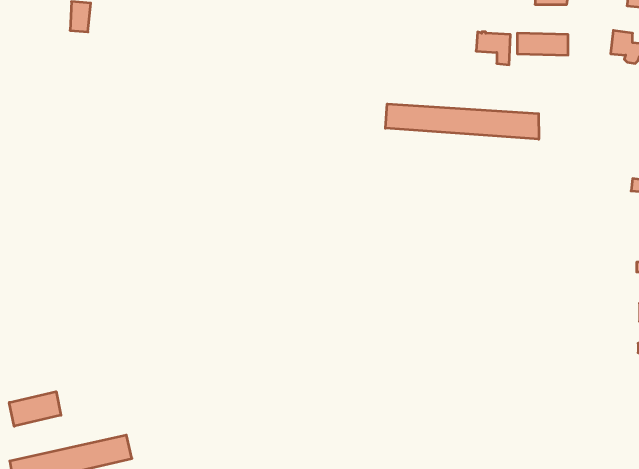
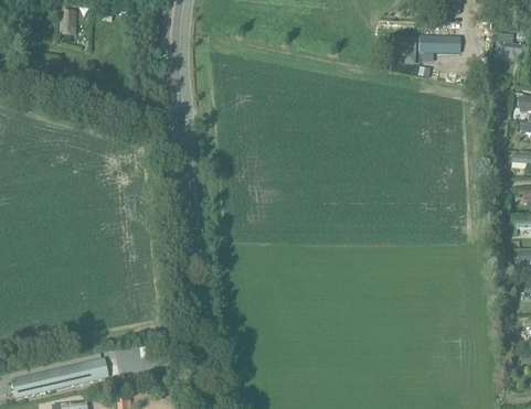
building: [385,104,539,139] -> none
building: [9,392,61,426] -> none

